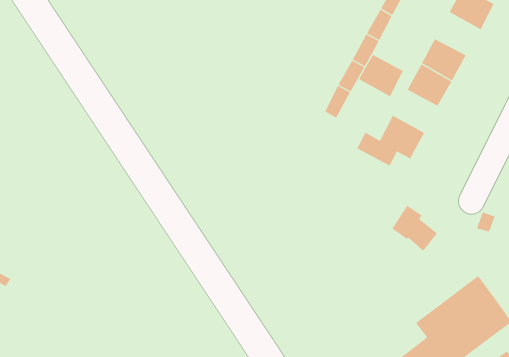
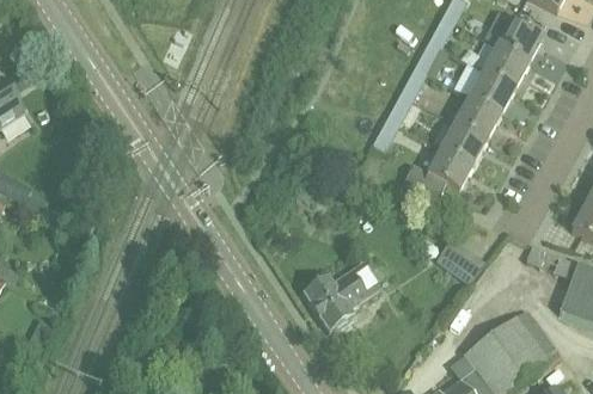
building: none -> [482,44,528,87]
building: [358,54,404,97] -> [440,122,485,165]
building: none -> [302,261,379,331]

